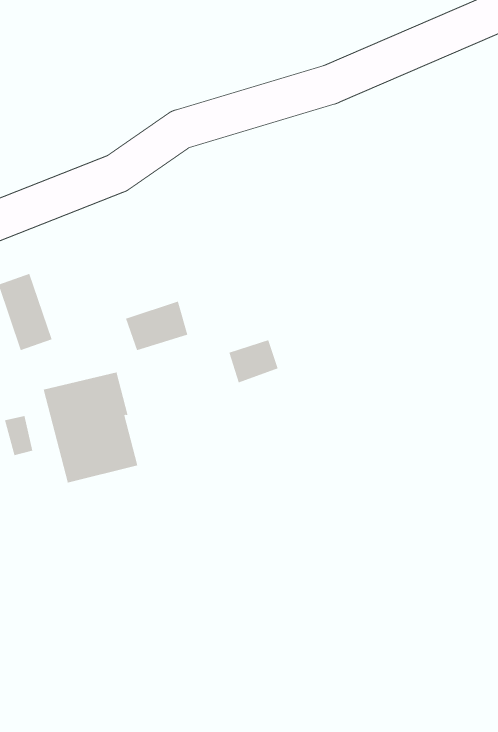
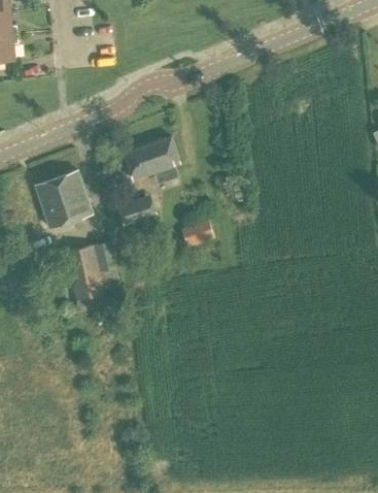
building: none -> [125,135,179,184]
building: none -> [57,169,93,219]

